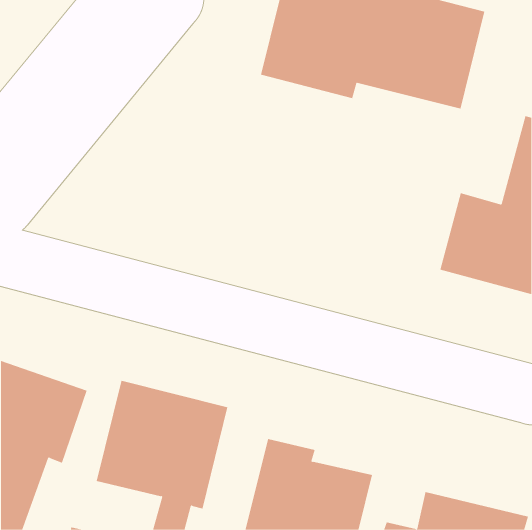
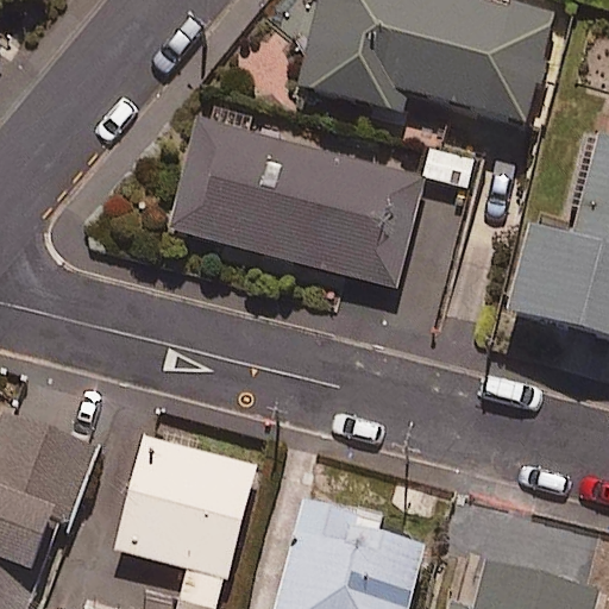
building: none -> [164,118,423,287]

